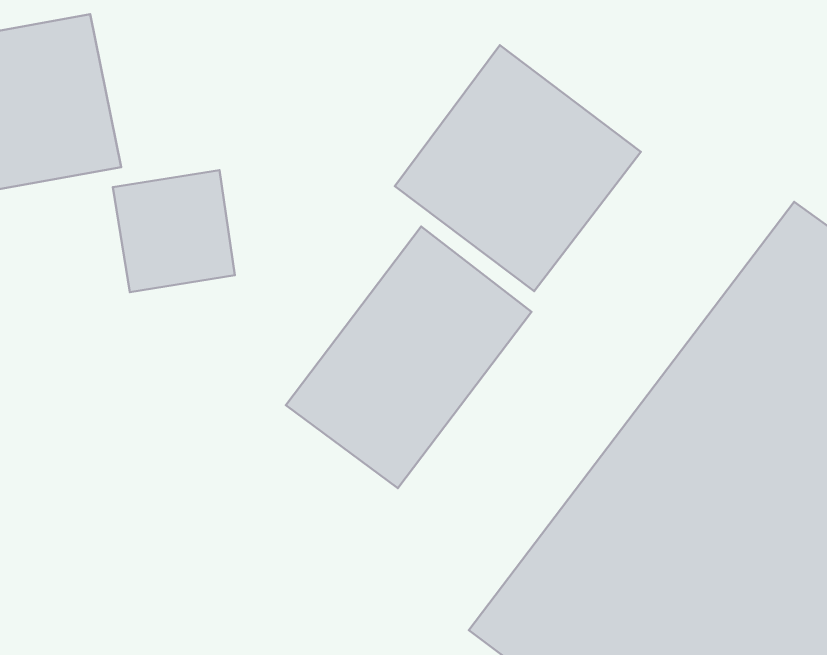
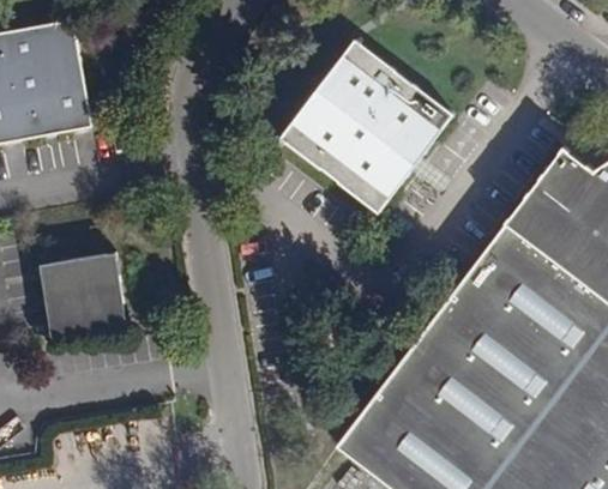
building: [113,170,235,292] -> [41,252,126,337]
building: [286,226,531,488] -> none

